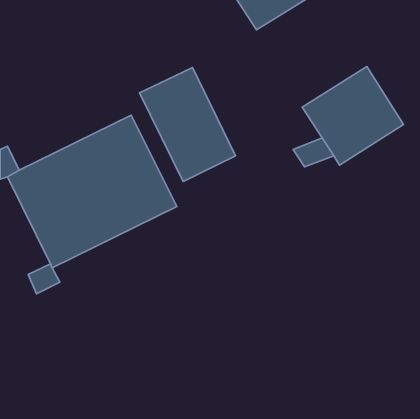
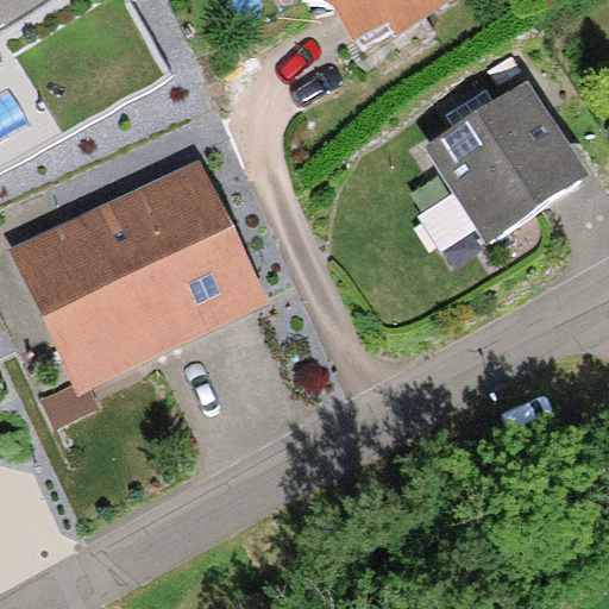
building: [139,68,235,181] -> none

